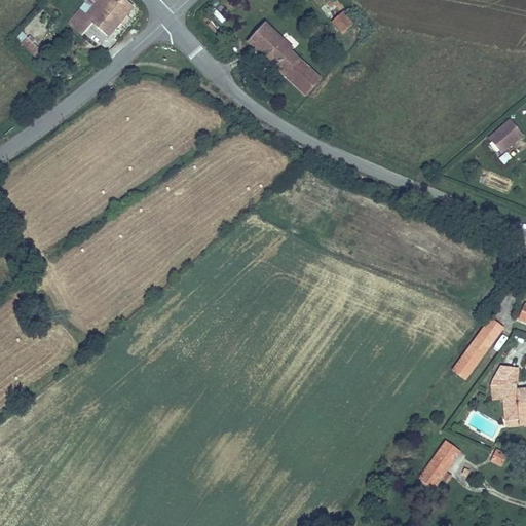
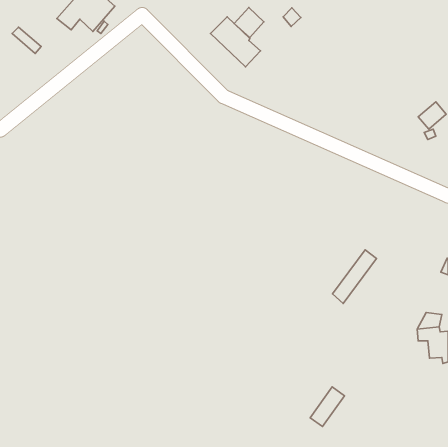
building: [288,60,323,95] -> [234,8,264,37]
building: [452,317,503,380] -> [333,250,376,303]
building: [420,441,460,487] -> [310,387,344,427]

